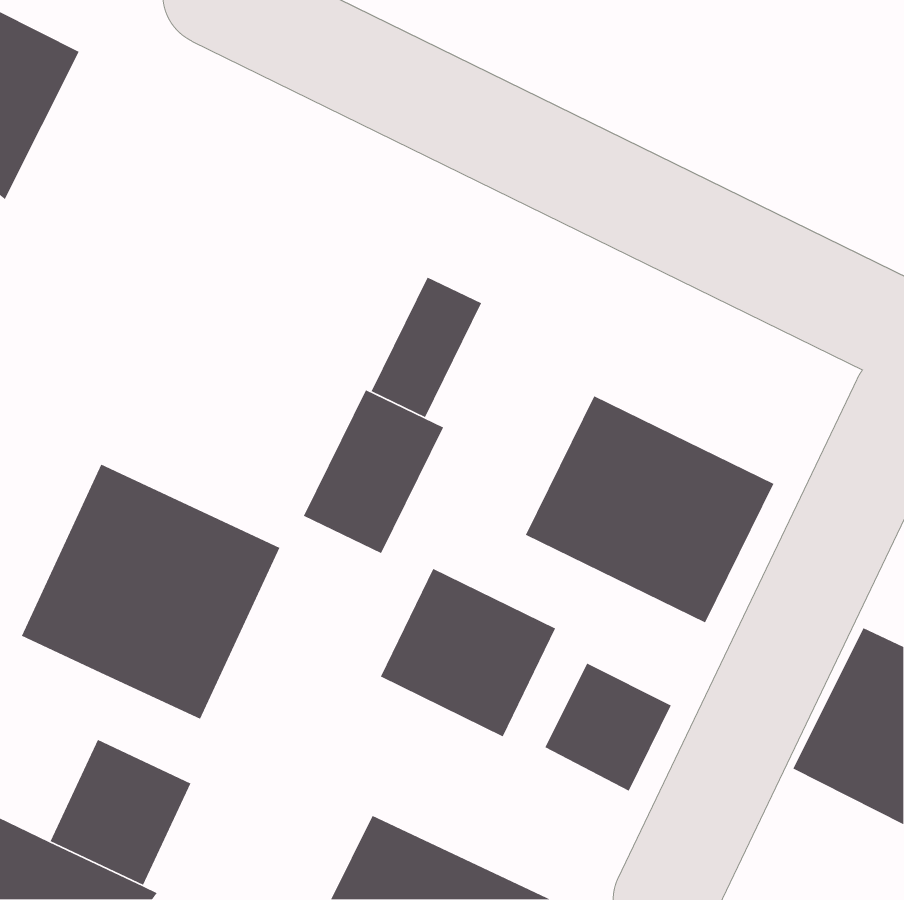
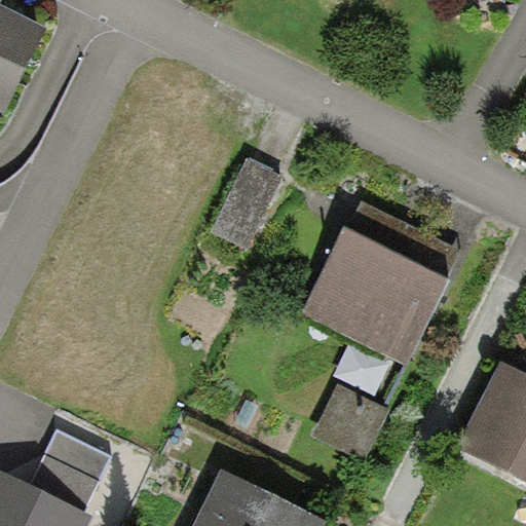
building: [303,389,444,554] -> none
building: [21,464,280,720] -> none
building: [380,568,556,737] -> none

